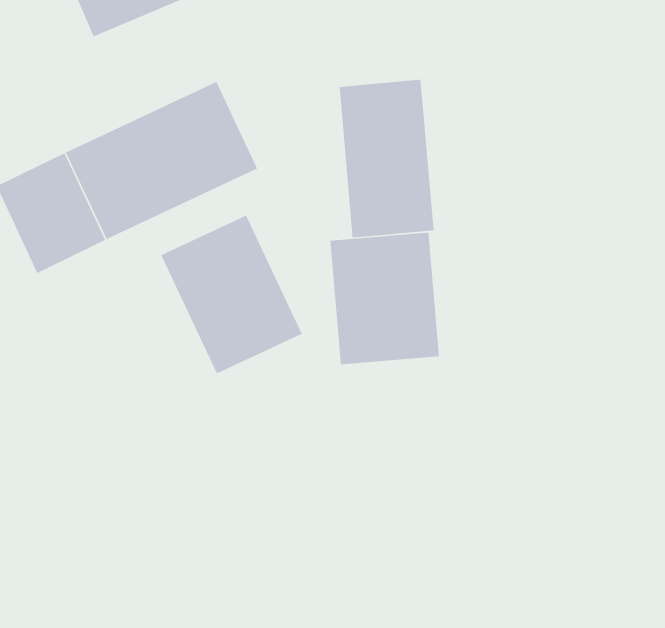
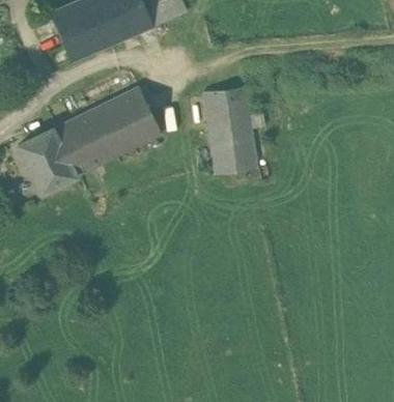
building: [160,215,303,374] -> none
building: [330,232,440,365] -> none

